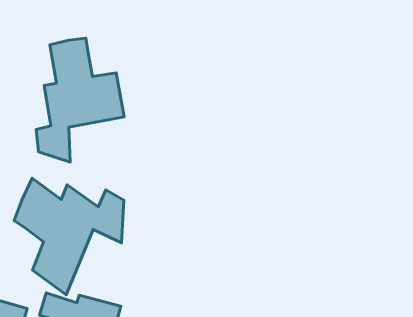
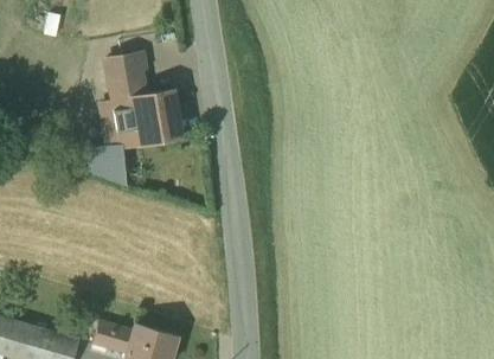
building: [14,178,124,295] -> none

